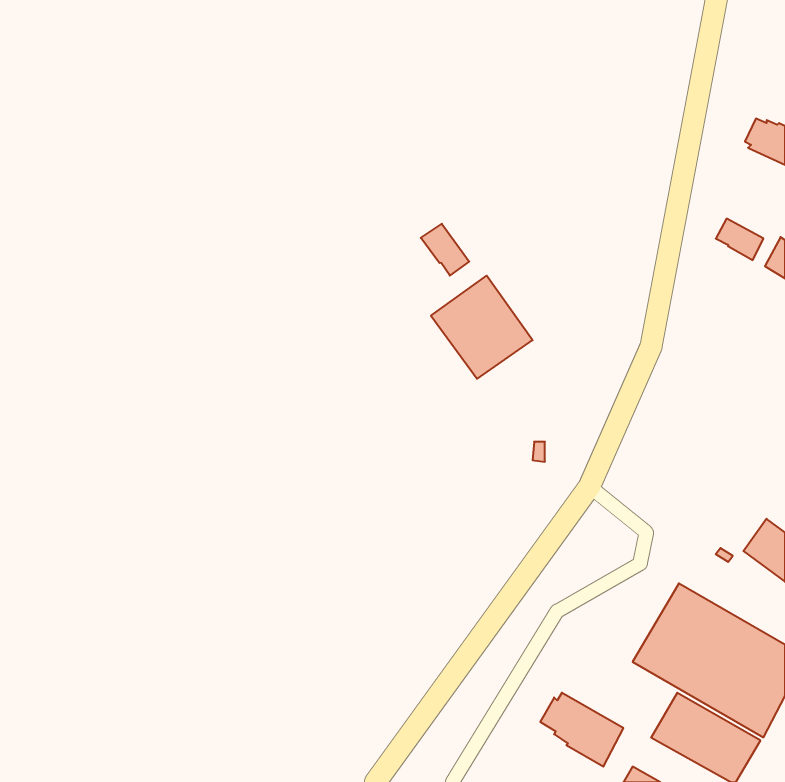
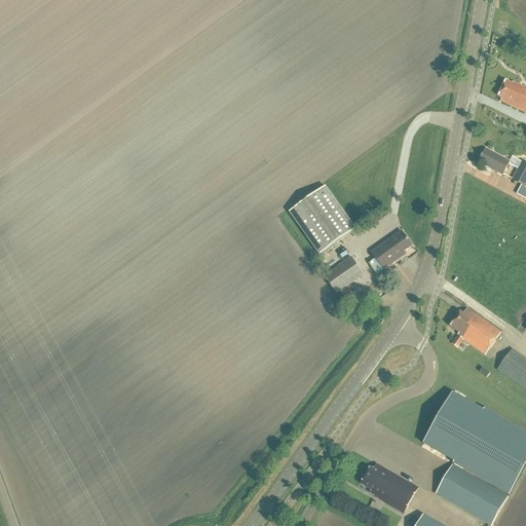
building: [421,224,469,276] -> none
building: none -> [371,229,411,268]
building: none -> [324,255,363,292]
building: none -> [448,306,500,353]

